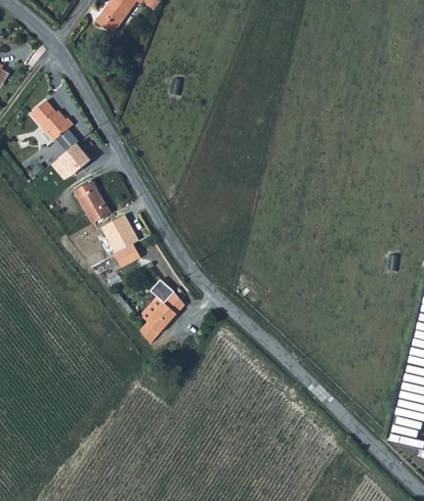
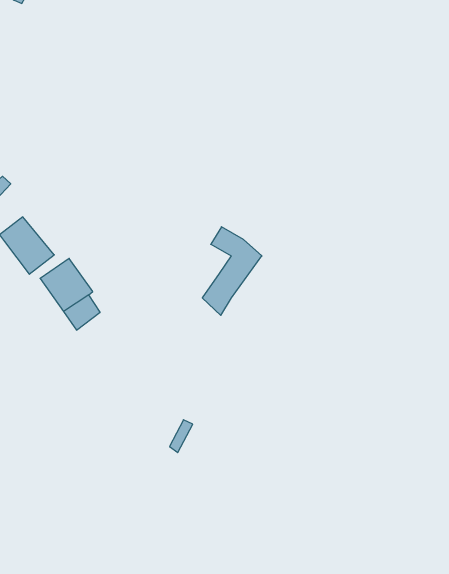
building: [138,280,184,343] -> [202,227,262,315]

